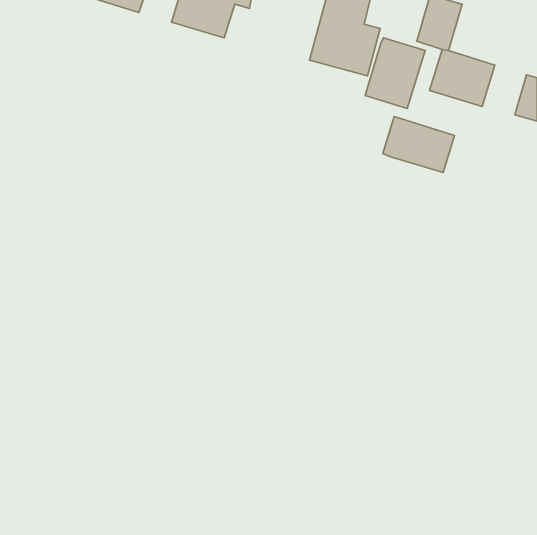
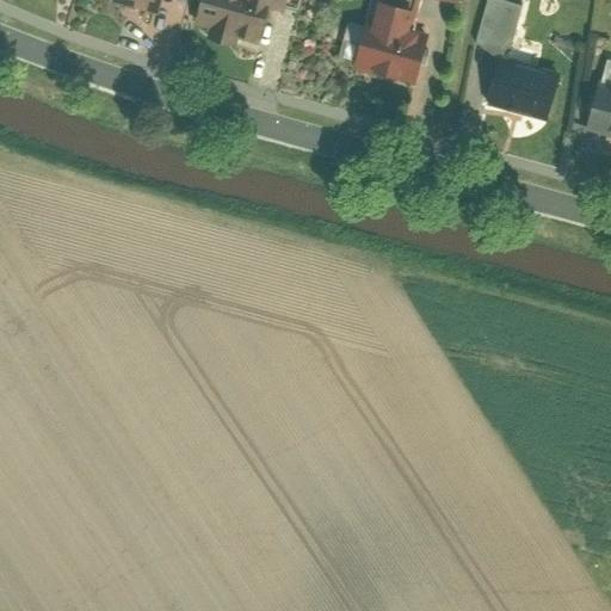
building: [365,38,425,108] -> none
building: [383,117,454,172] -> none

